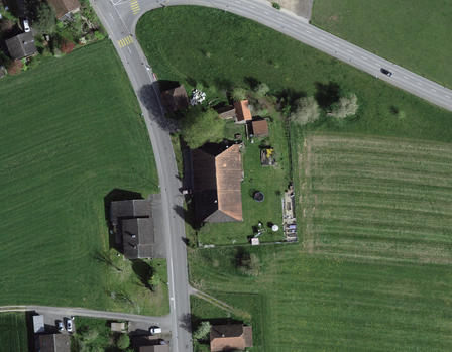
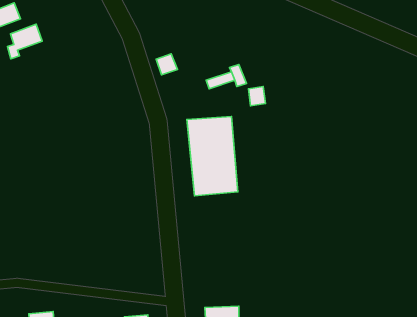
building: none -> [8,24,42,59]
building: [114,201,150,250] -> none

